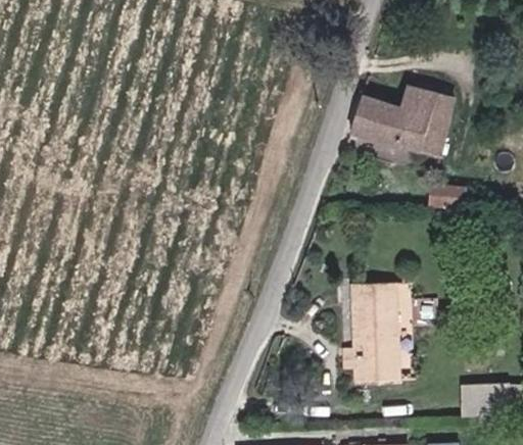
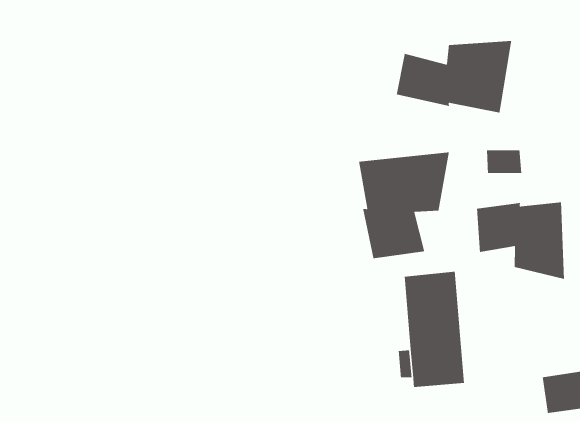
building: none -> [358,152,450,259]
building: none -> [476,202,565,280]

